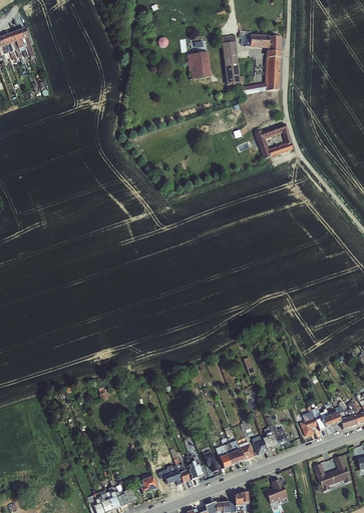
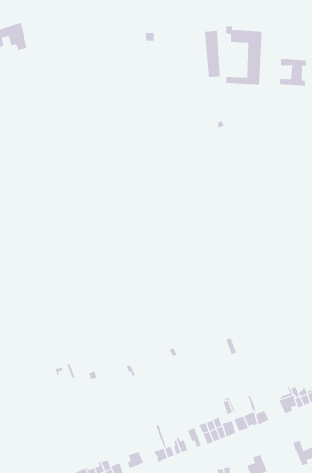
building: [188,51,210,78] -> none
building: none -> [279,58,306,86]
building: [257,122,293,157] -> none

